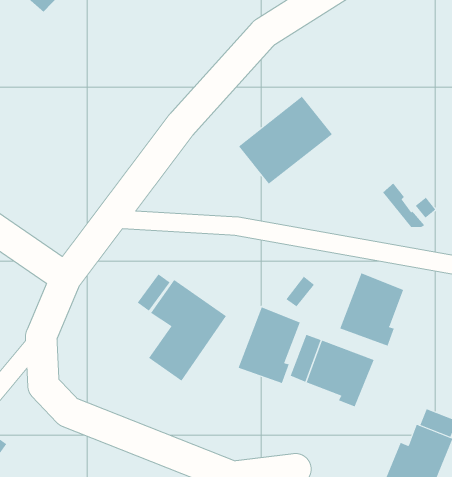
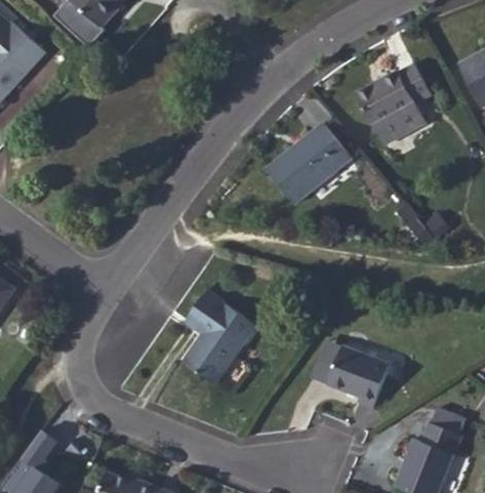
building: none -> [356,64,431,145]
building: [340,272,404,346] -> none
building: [238,306,300,384] -> none

